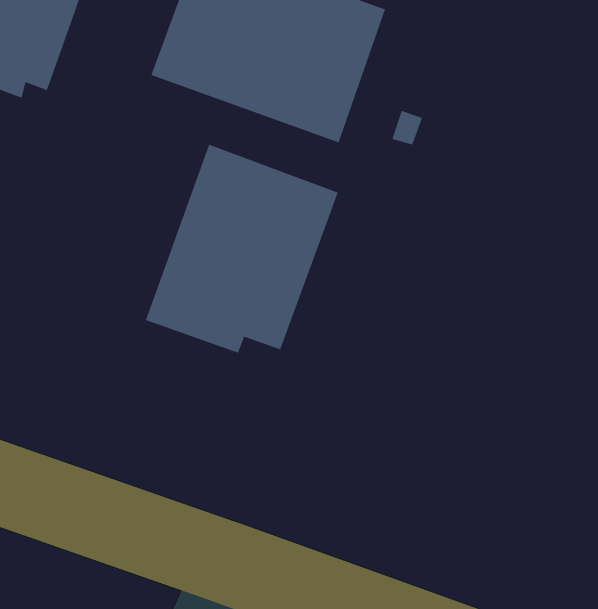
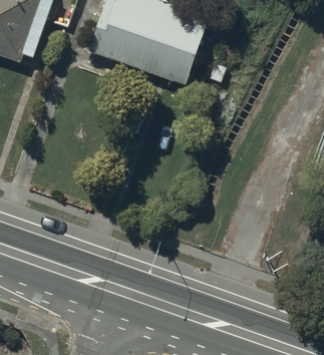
building: [145,144,338,354] -> none

